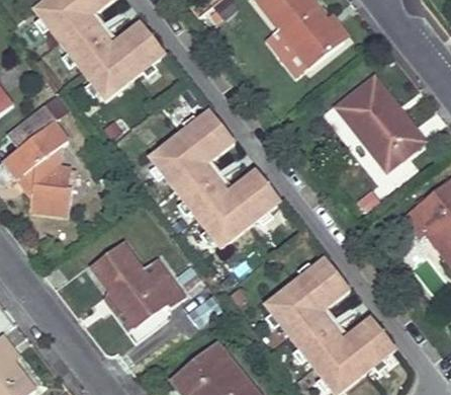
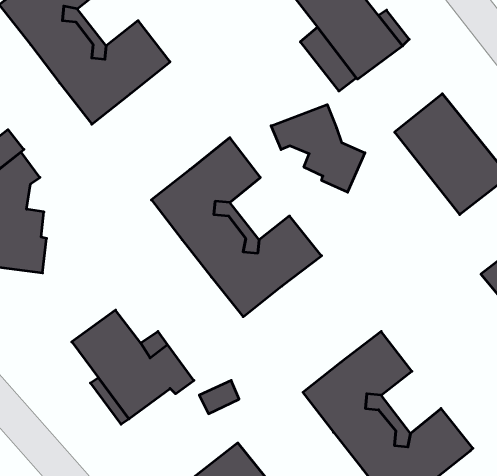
building: none -> [271,105,365,192]

